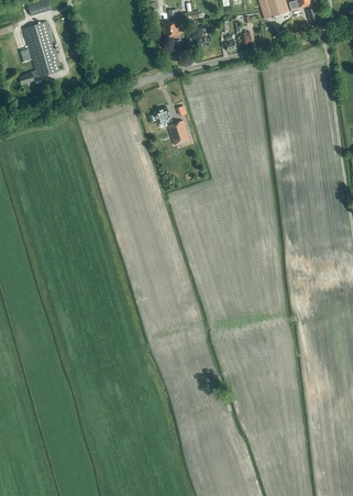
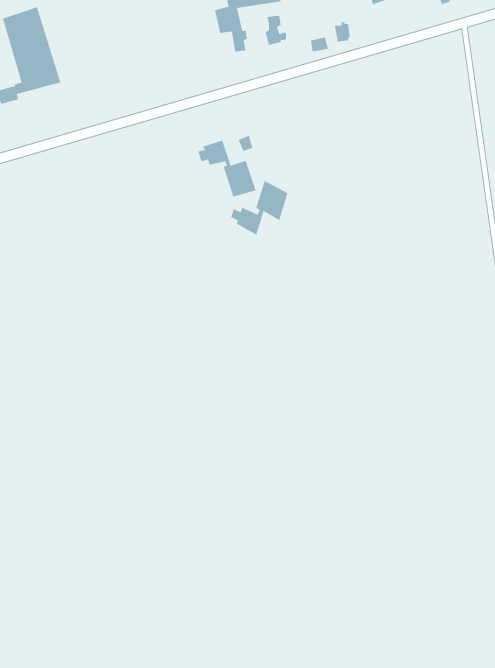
building: none -> [231,180,288,235]

